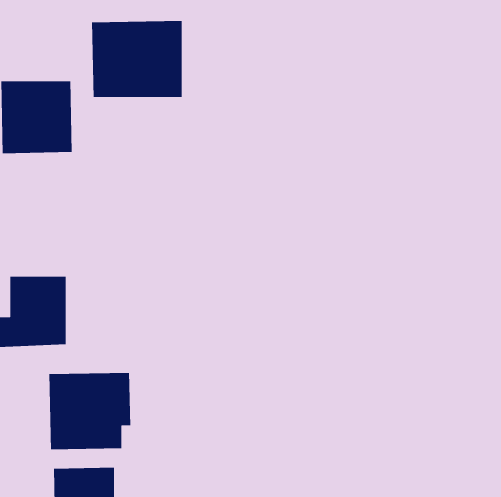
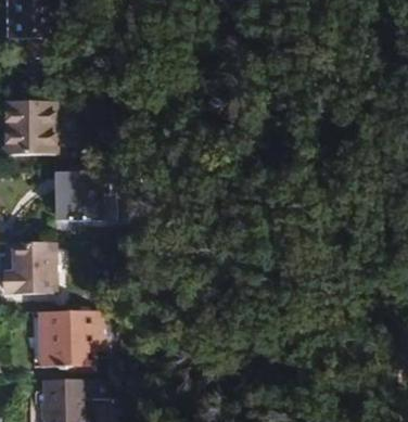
building: [91,20,183,98] -> none
building: none -> [59,171,99,220]

